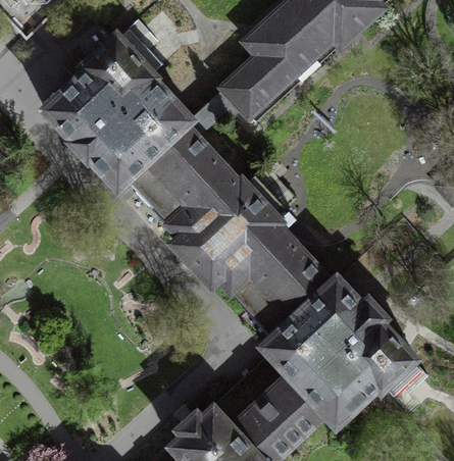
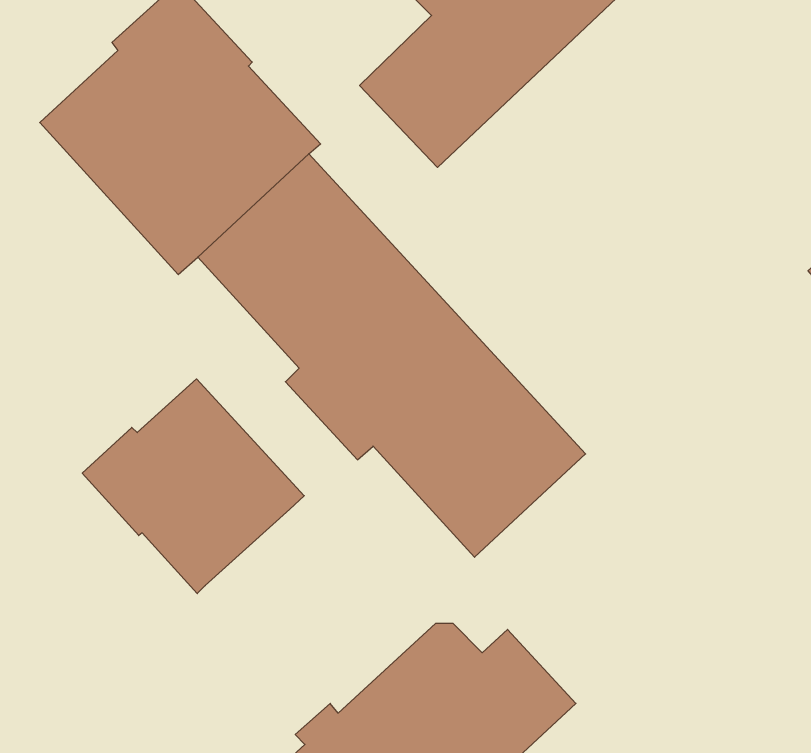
building: none -> [82,379,304,594]
building: [263,275,430,423] -> none

